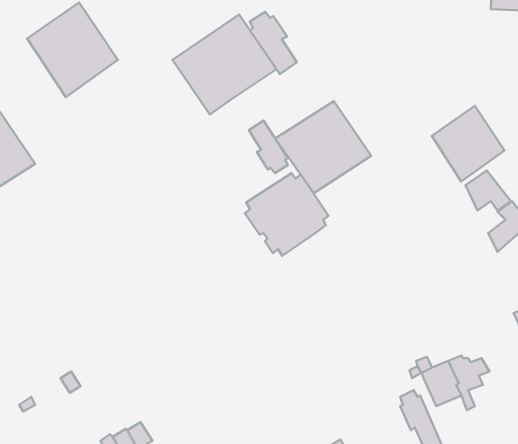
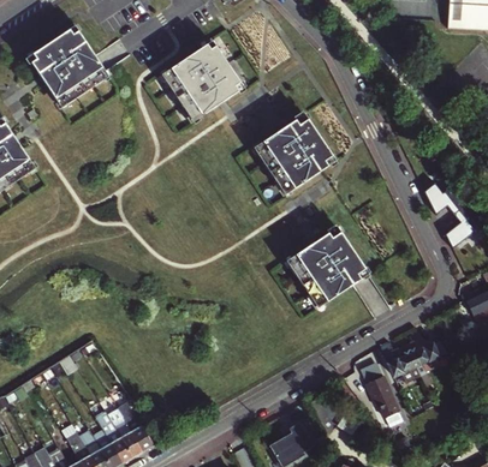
building: [250,12,297,74] -> none
building: [432,106,504,182] -> none
building: [249,120,288,173] -> none
building: [245,173,329,256] -> [288,230,364,305]

